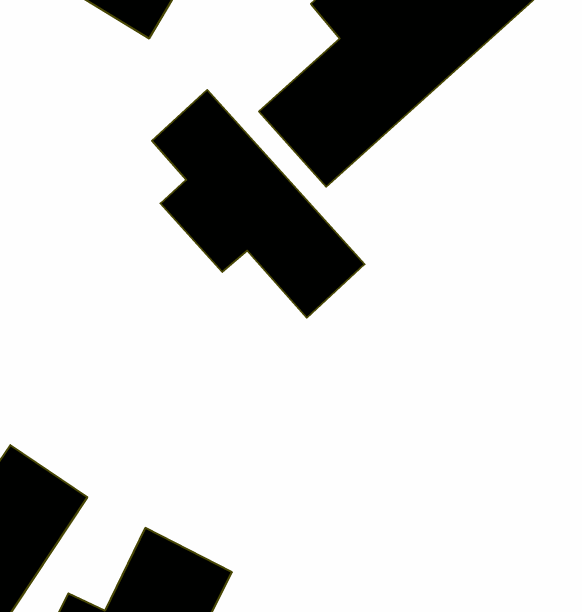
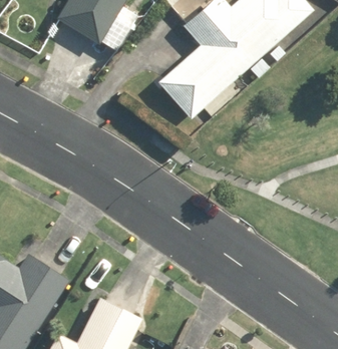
building: [152,90,365,318] -> none

